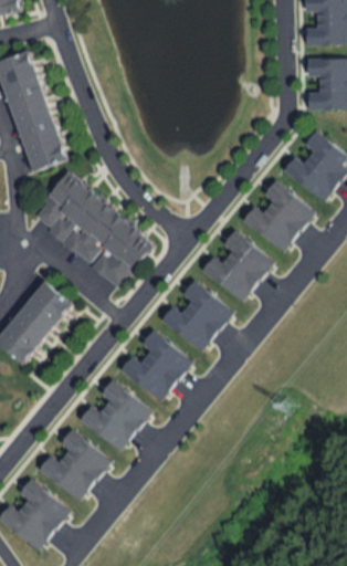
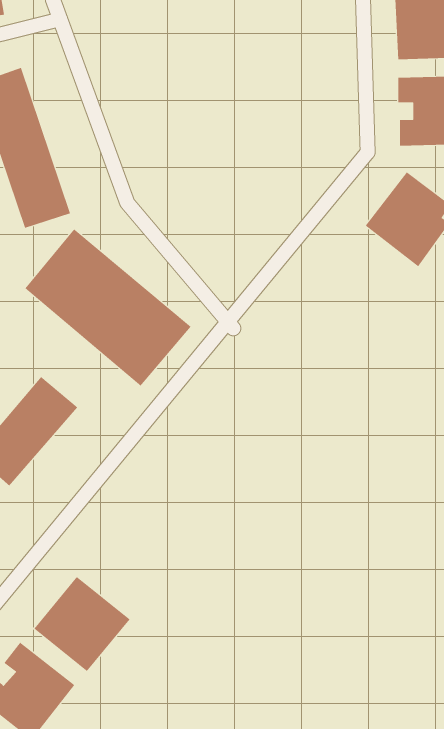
building: [242,180,315,251] -> none
building: [202,229,274,302] -> none
building: [161,280,233,352] -> none
building: [119,329,191,400] -> none
building: [78,378,151,450] -> none

